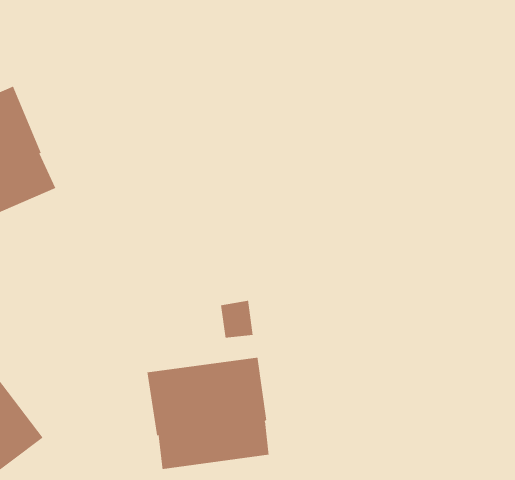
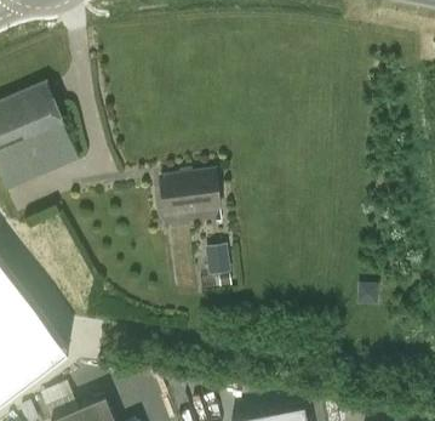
building: none -> [159,173,219,218]
building: [147,357,269,470] -> none

